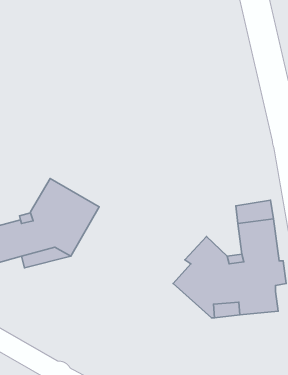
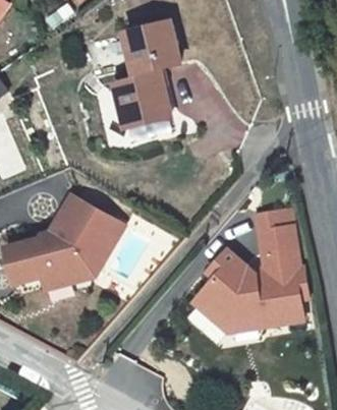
building: none -> [113,19,182,125]

